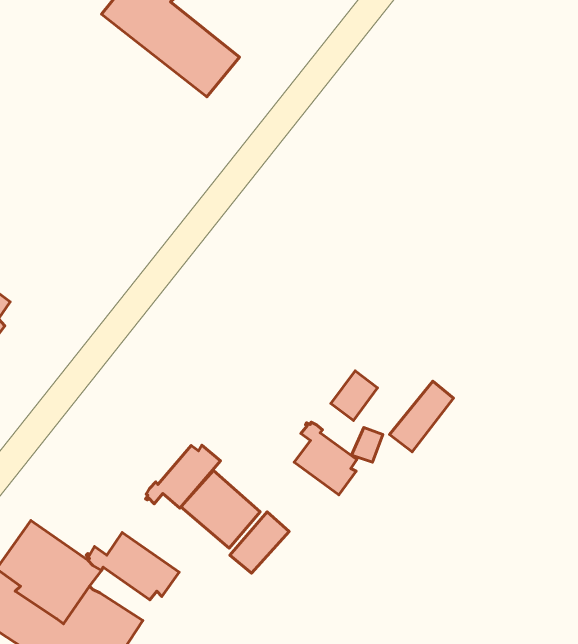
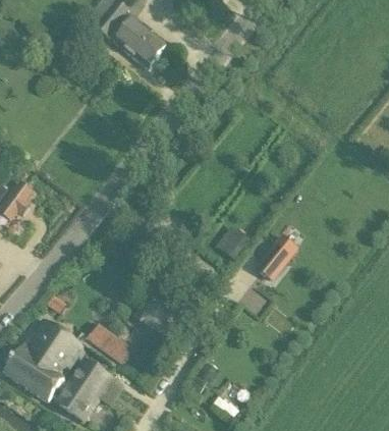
building: [294,422,357,495] -> none
building: [146,445,220,508] -> none
building: [230,512,289,573] -> none

